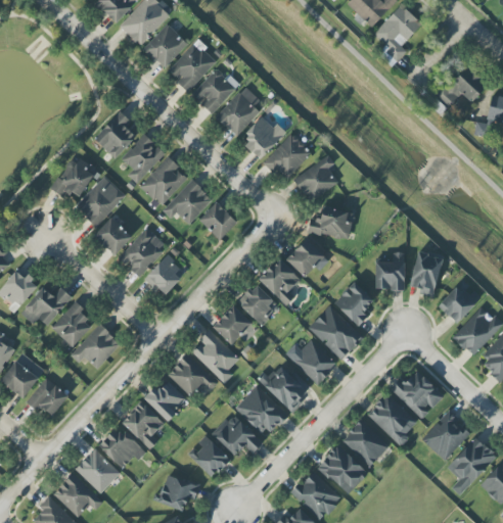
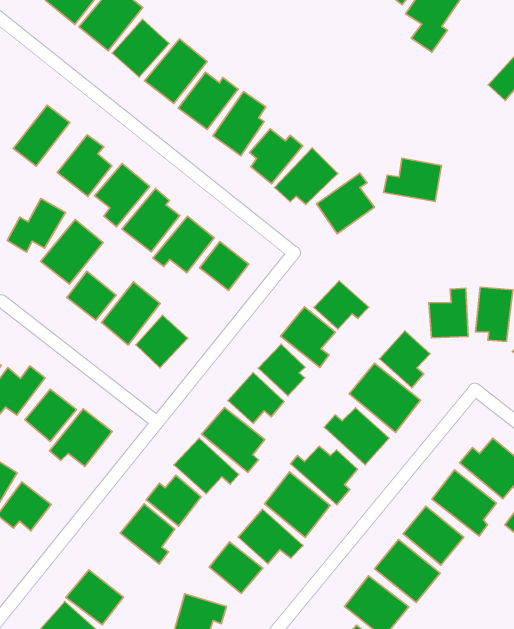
building: none -> [13,105,70,166]
building: [307,205,354,241] -> [383,158,442,202]
building: [98,426,144,468] -> none

